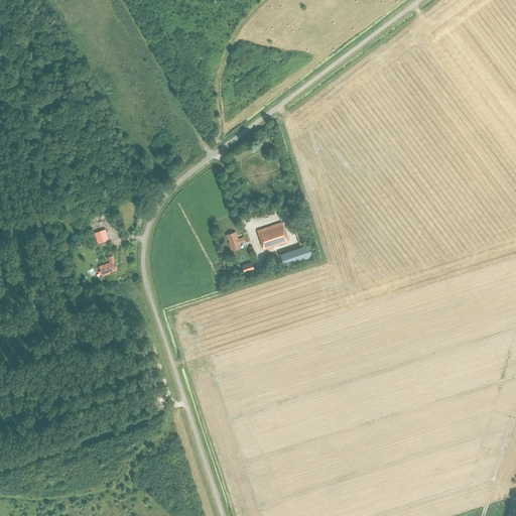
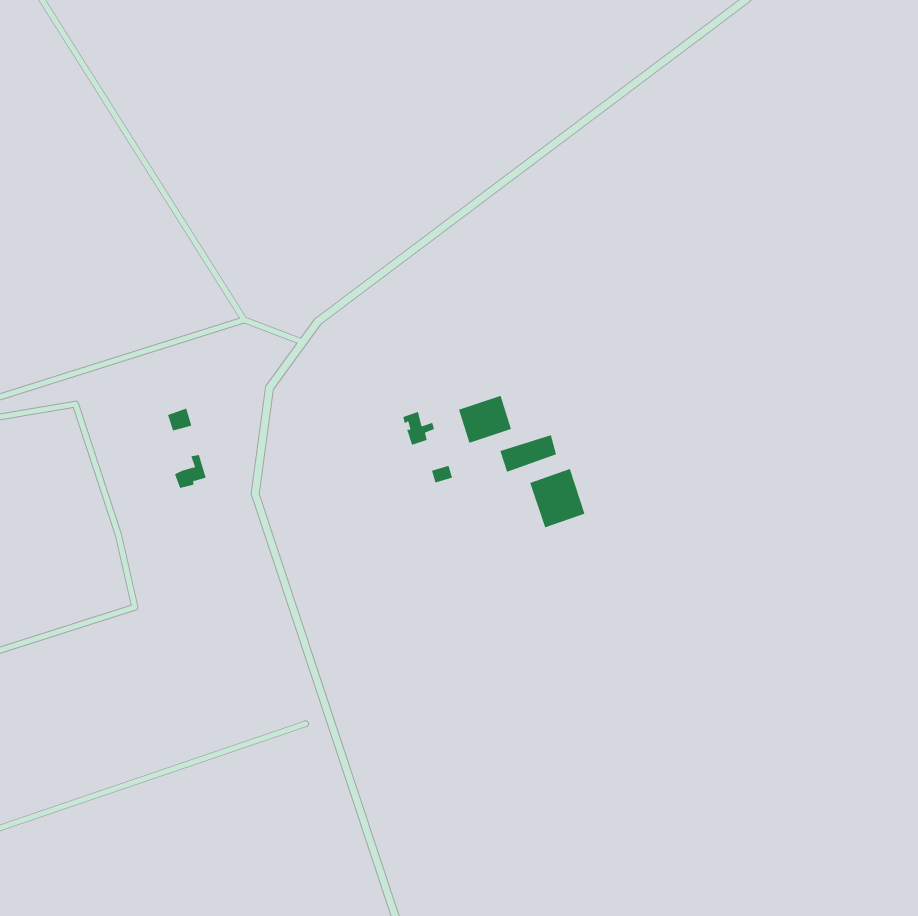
building: none -> [530,468,585,528]

